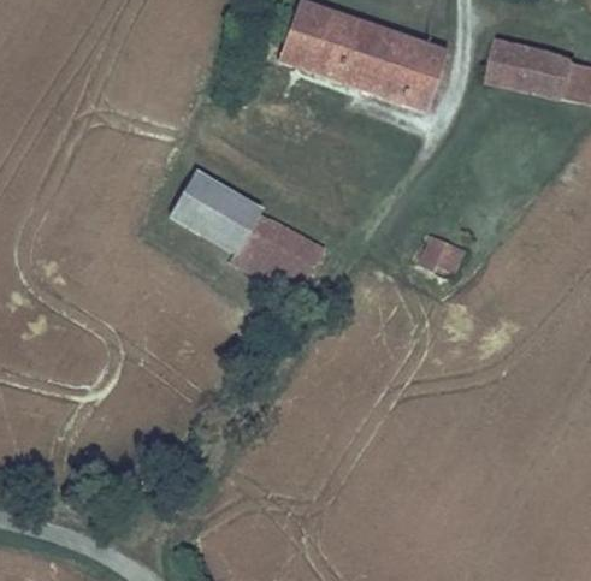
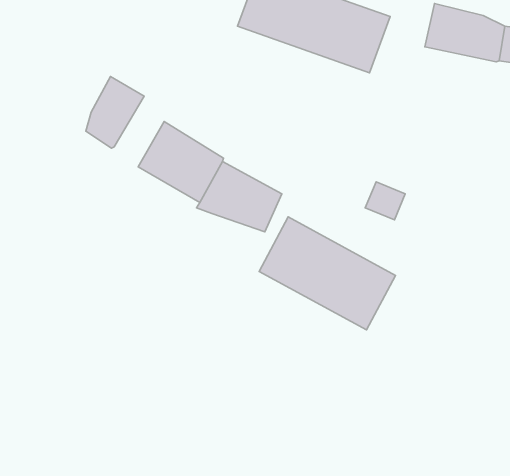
building: none -> [86,77,144,148]
building: none -> [259,217,395,330]

